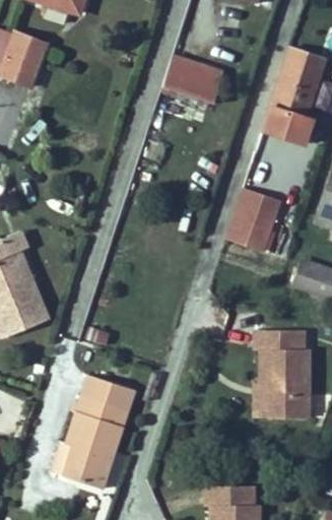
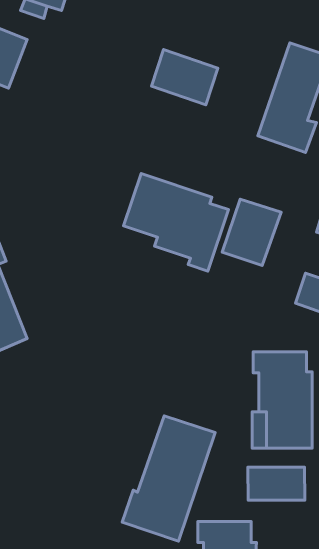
building: none -> [124,173,228,271]
building: [50,375,135,490] -> [122,416,215,541]
building: none -> [248,467,305,500]

